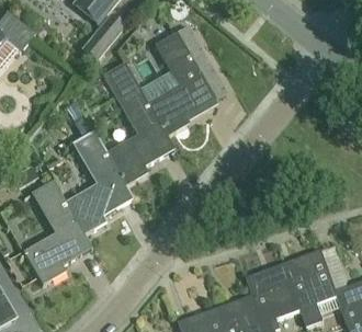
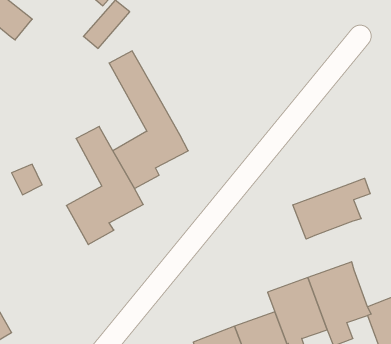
building: [147,32,216,136] -> none
building: none -> [293,178,370,239]
building: [24,178,92,283] -> none

